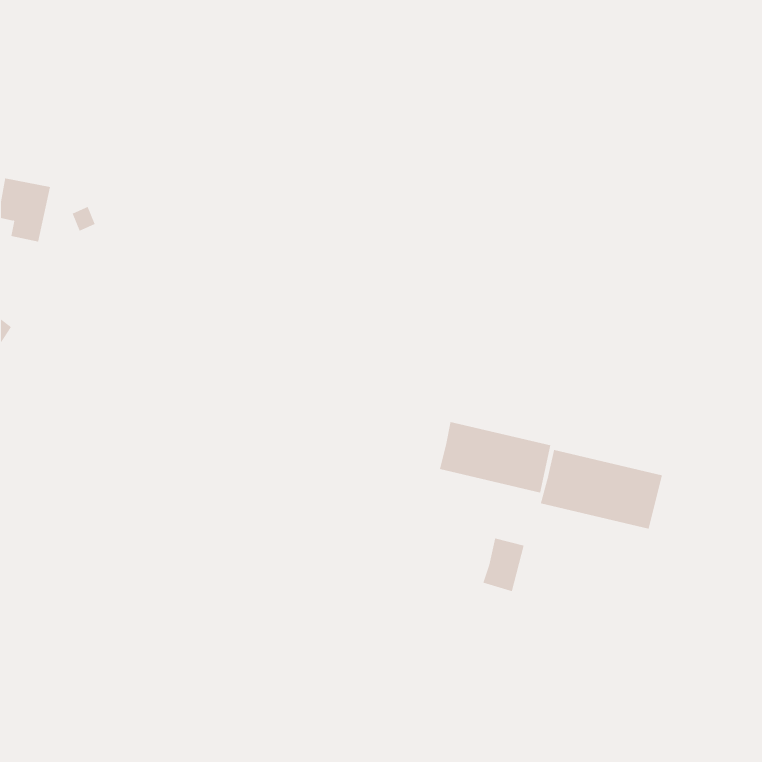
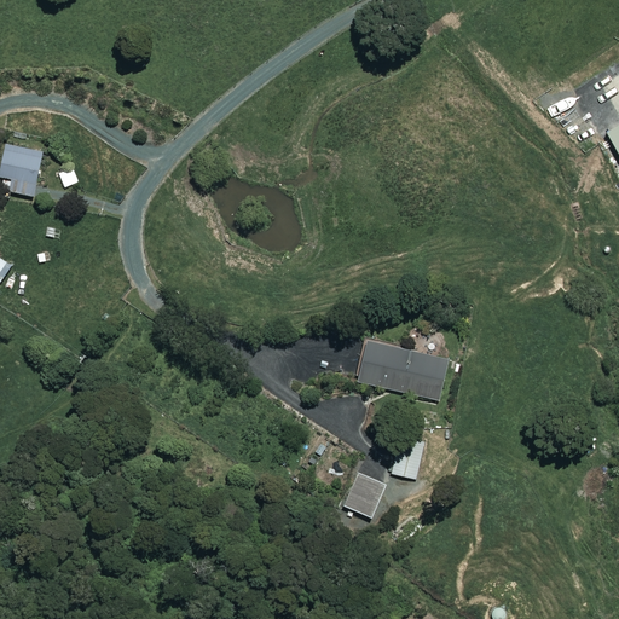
building: [540,449,662,529] -> none
building: none -> [343,472,386,517]

